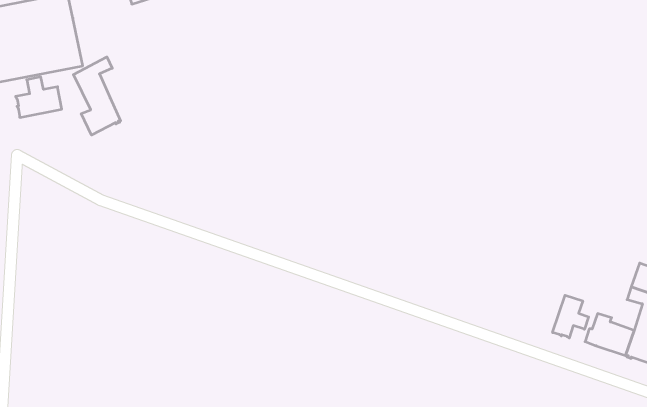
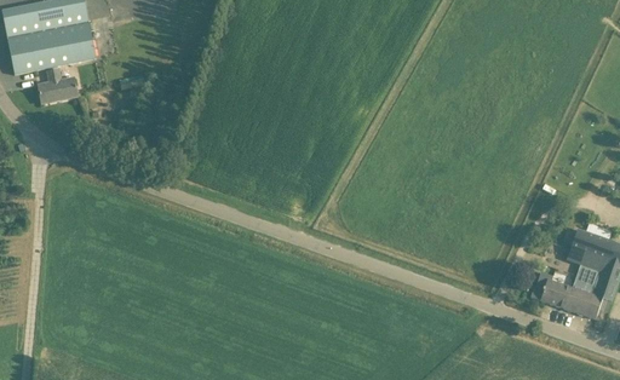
building: [73,57,121,135] -> none
building: [553,295,589,338] -> none

